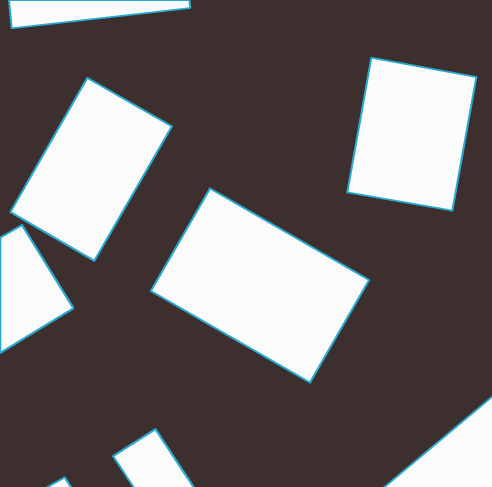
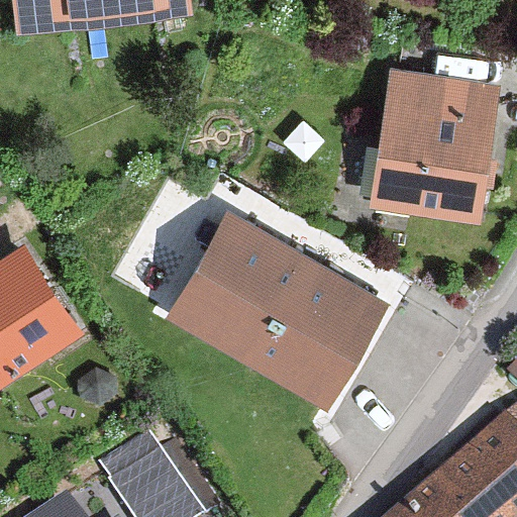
building: [10,78,172,261] -> none

